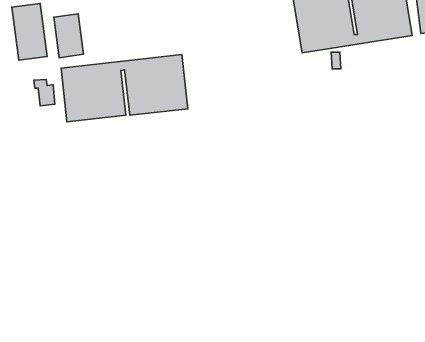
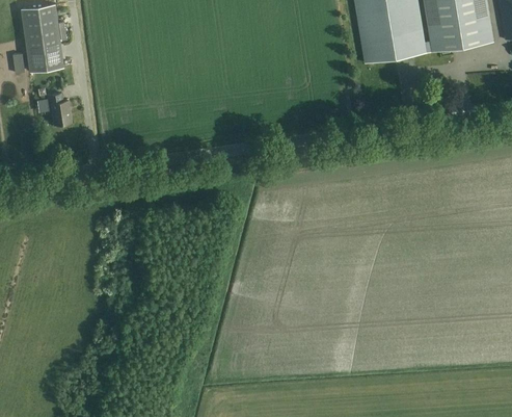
building: [54,14,83,58] -> none
building: [61,54,188,122] -> none

